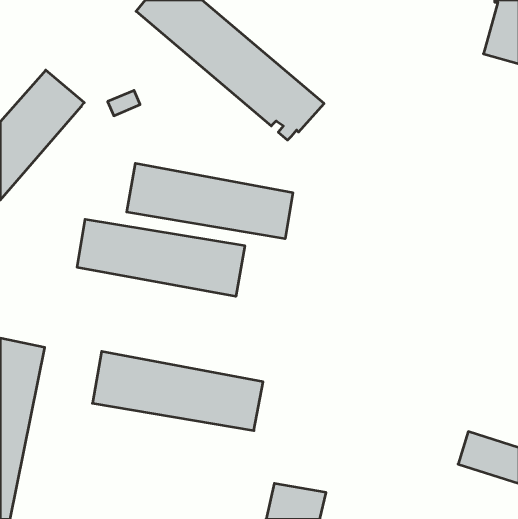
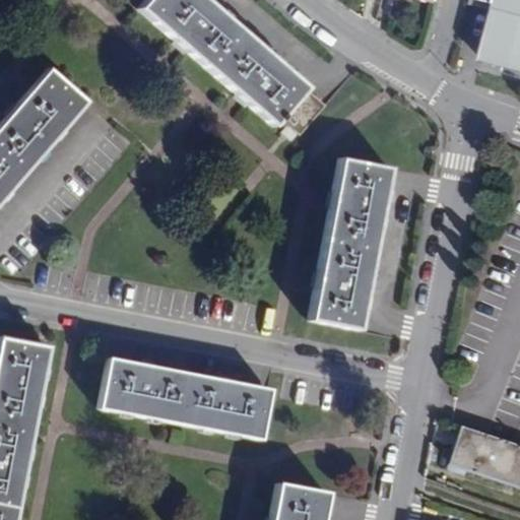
building: none -> [309,157,399,331]
building: [127,163,293,239] -> none
building: [77,219,245,296] -> none

